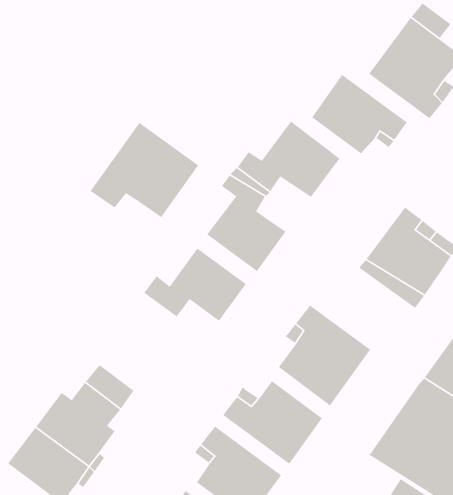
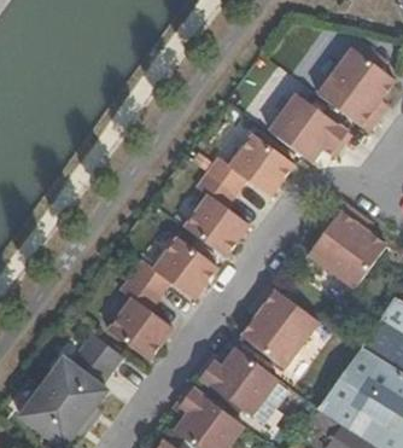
building: [90,122,199,218] -> none
building: none -> [107,275,173,361]

